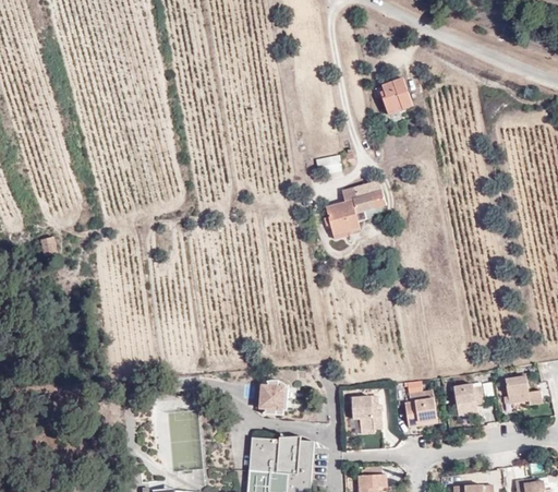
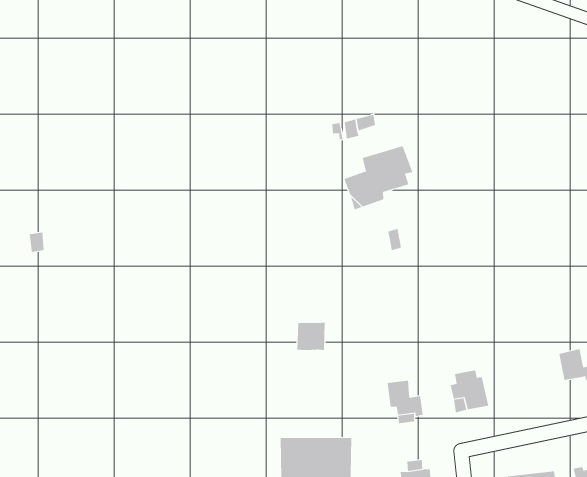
building: [380,81,411,119] -> none
building: [260,381,288,407] -> [297,322,326,351]
building: [453,381,486,404] -> none

